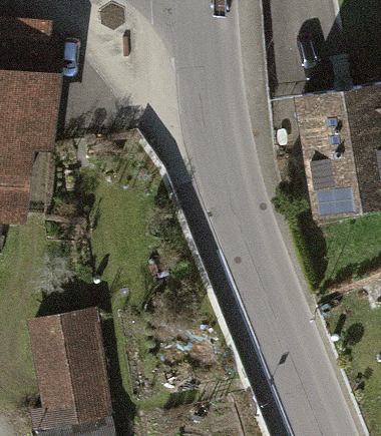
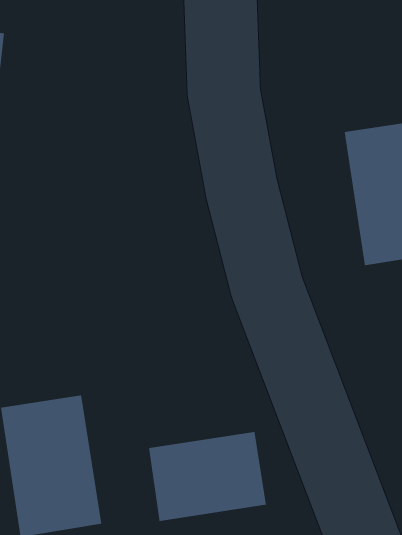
building: none -> [149,431,267,522]

